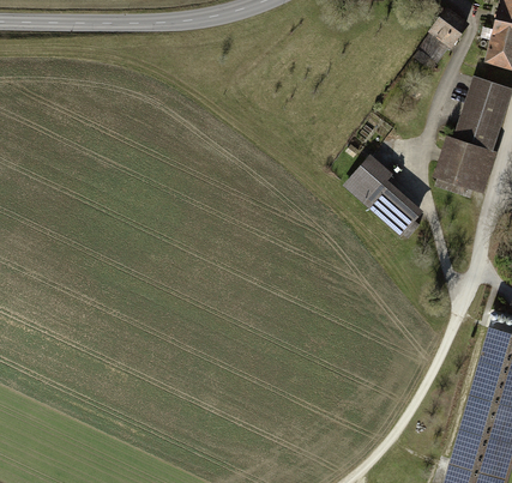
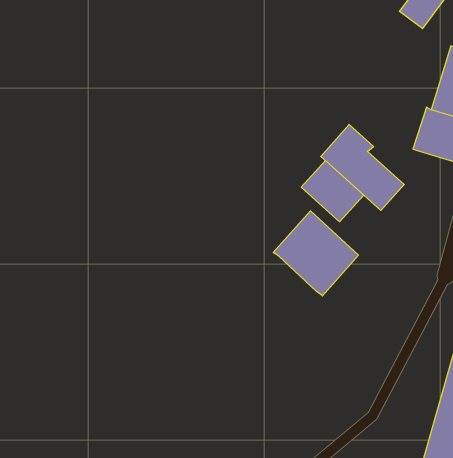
building: none -> [301,161,364,222]
building: none -> [273,211,358,296]

